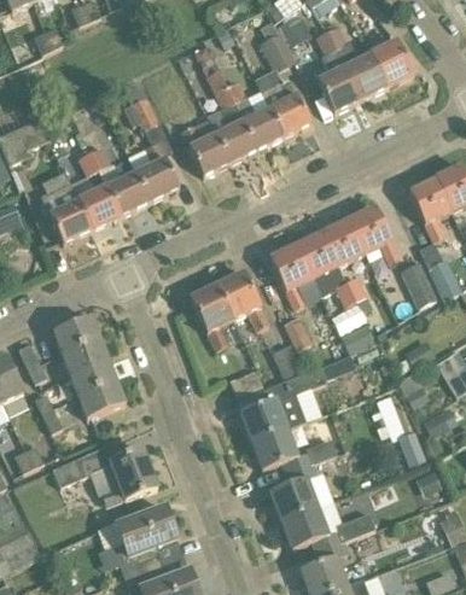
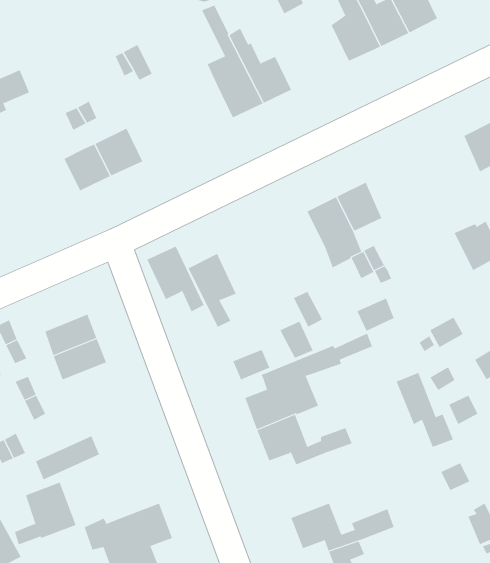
building: [262,78,310,138] -> none
building: [181,124,229,176] -> none
building: [135,141,179,202] -> none
building: [408,179,450,241] -> none
building: [41,183,93,244] -> none
building: [349,208,400,262] -> none
building: [269,246,311,308] -> none
building: [401,262,438,307] -> none
building: [216,272,268,331] -> [147,246,205,312]
building: [53,317,100,354] -> none
building: [77,381,126,419] -> none
building: [101,449,157,506] -> [14,482,76,545]
building: [270,462,332,520] -> none

